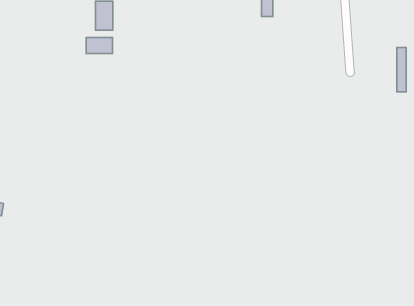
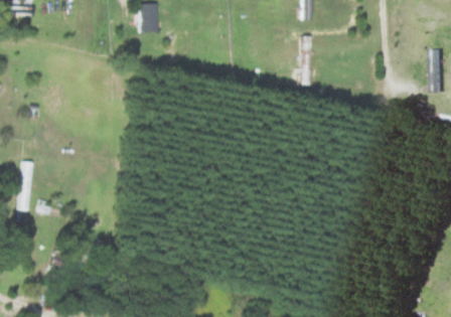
building: [86,37,112,53] -> none

